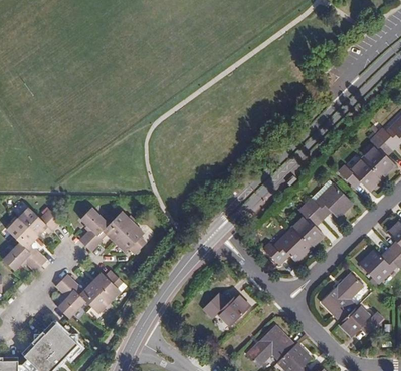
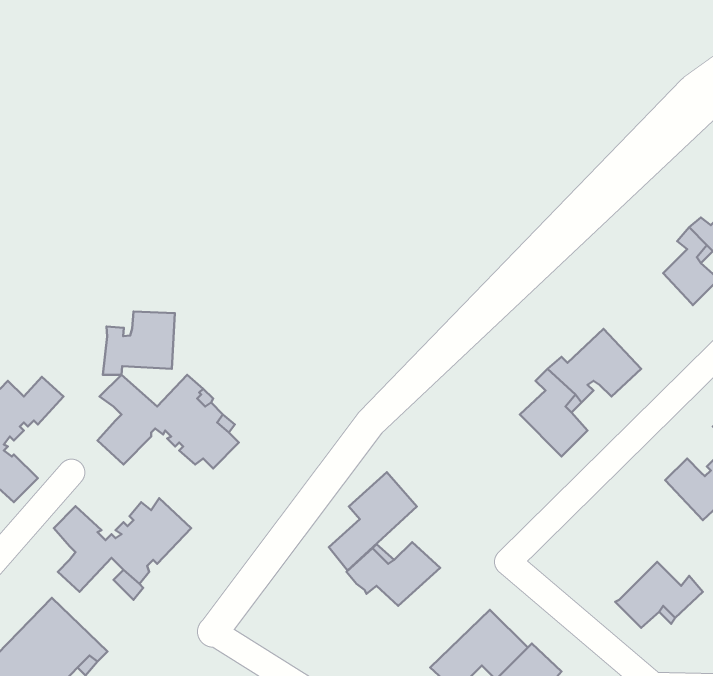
building: [339,156,378,186] -> none
building: none -> [103,311,175,375]
building: [262,228,312,264] -> none
building: none -> [329,472,417,571]
building: [321,272,363,321] -> none

